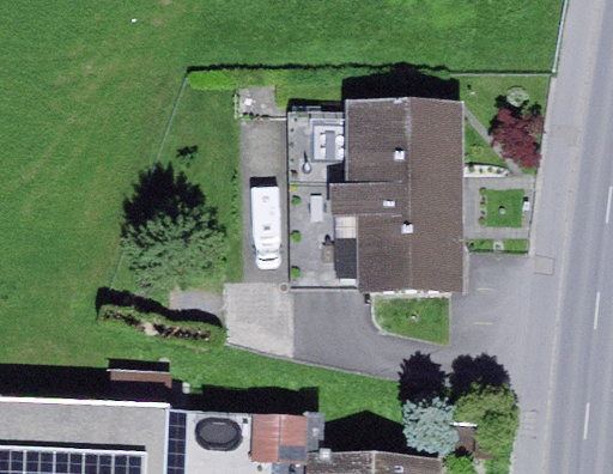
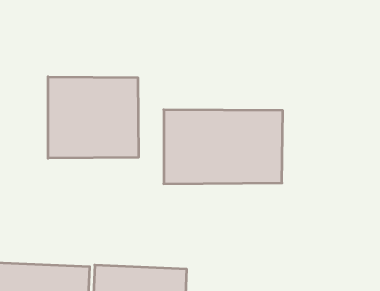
building: [290,99,463,182] -> none
building: none -> [48,77,138,158]

